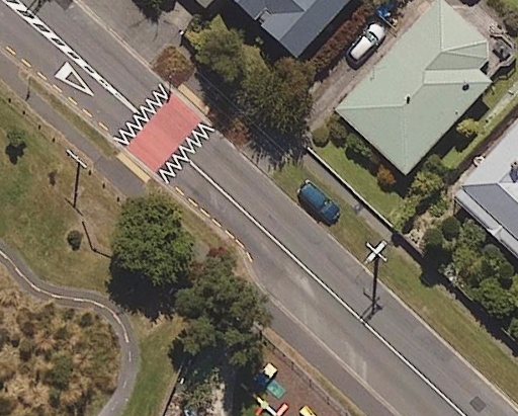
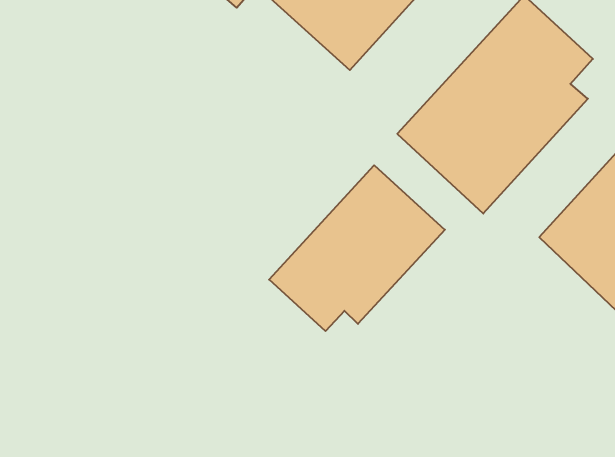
building: none -> [269,165,445,331]

